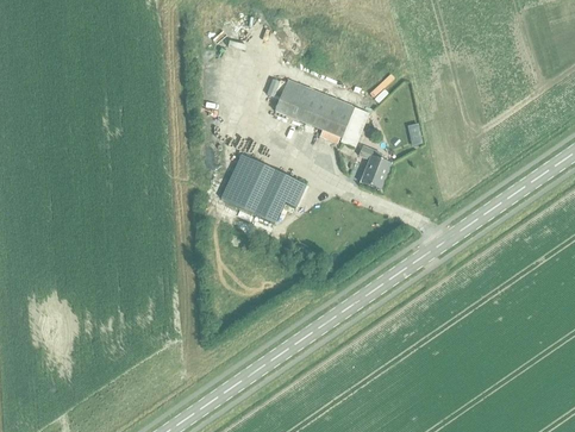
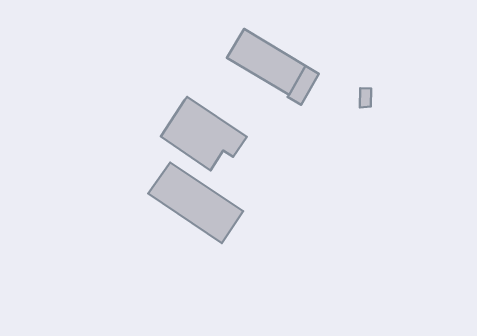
building: [357,143,389,189] -> none
building: none -> [148,163,243,243]

